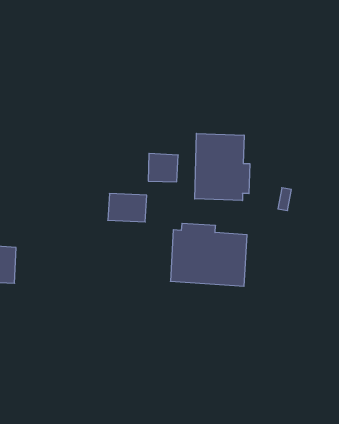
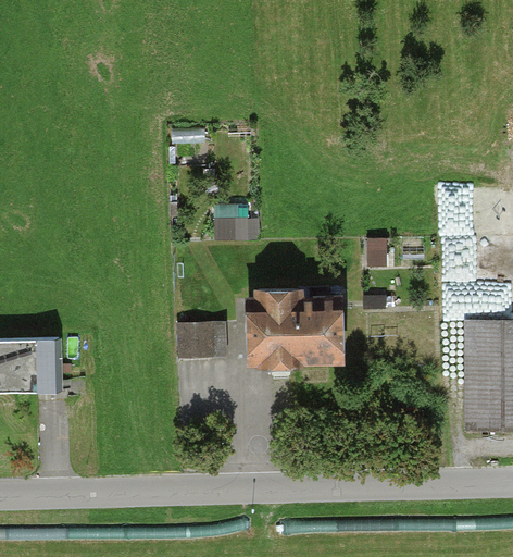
building: [195,133,250,201] -> none
building: [108,194,147,222] -> [178,324,225,359]

